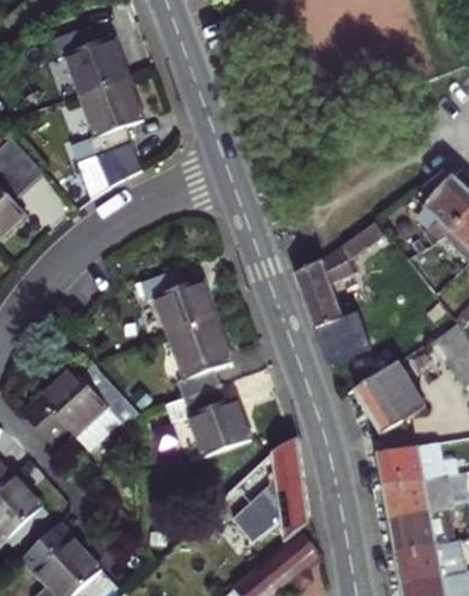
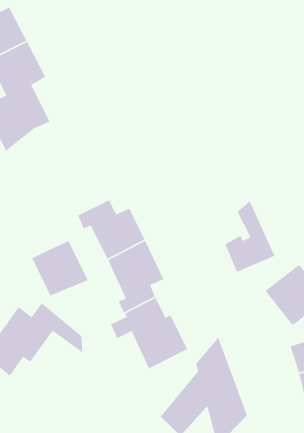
building: [295,226,384,330] -> none
building: none -> [31,240,89,296]

